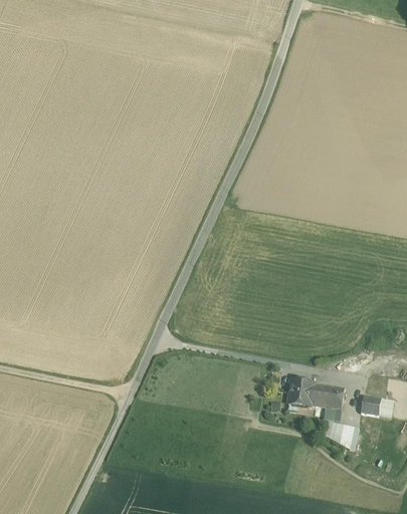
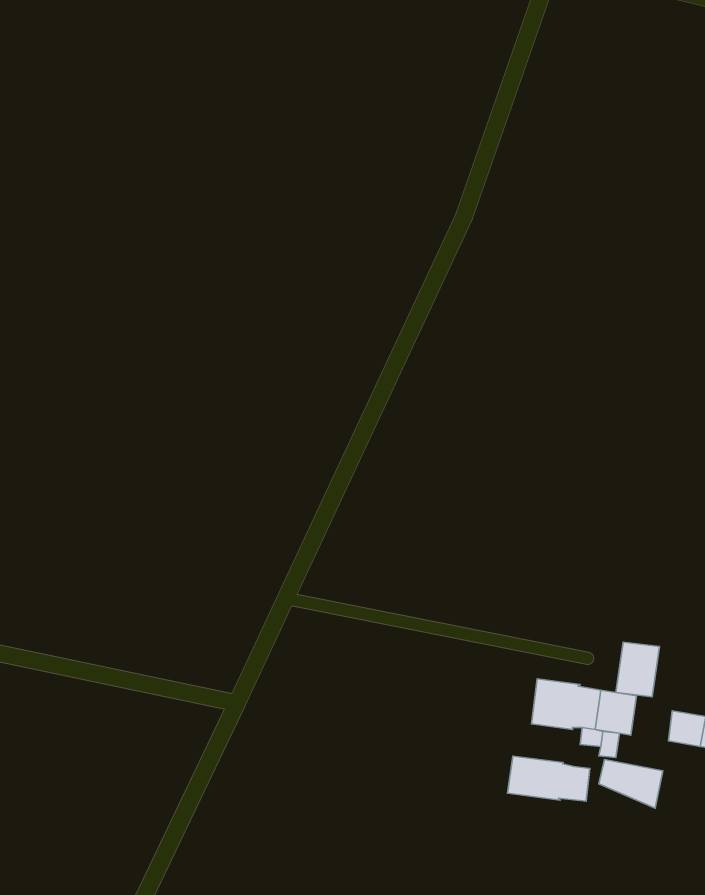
building: none -> [616,642,660,697]
building: none -> [508,756,590,801]

